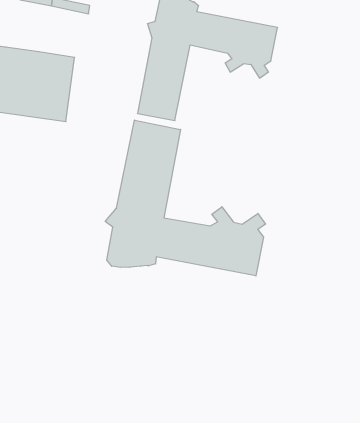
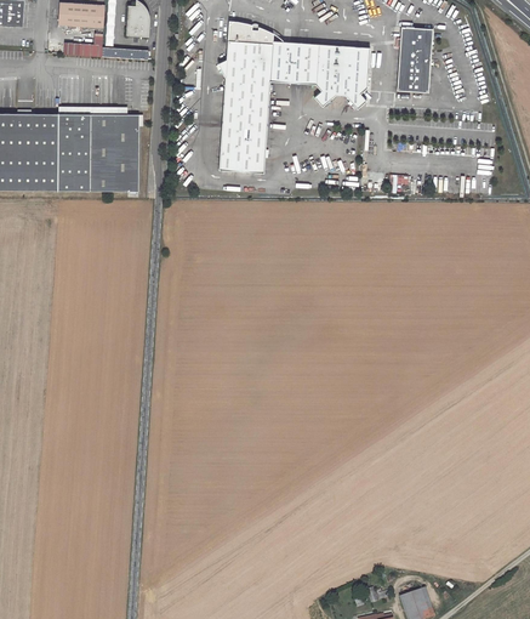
building: none -> [397,27,433,93]
building: [105,120,266,276] -> none

